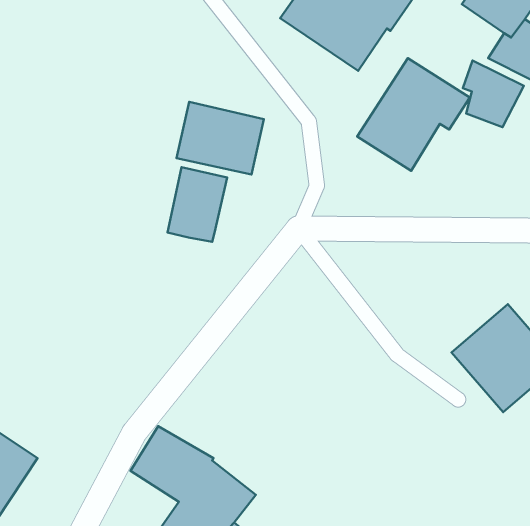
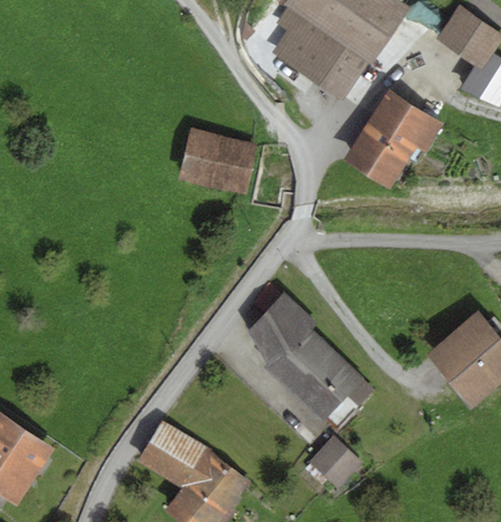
building: [463,60,524,127] -> none
building: [167,167,227,242] -> none
building: none -> [248,293,373,427]
building: none -> [308,436,363,490]

